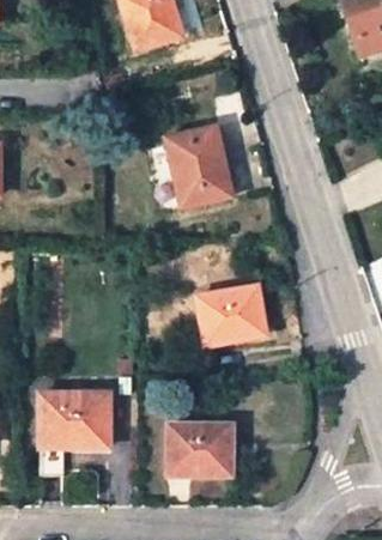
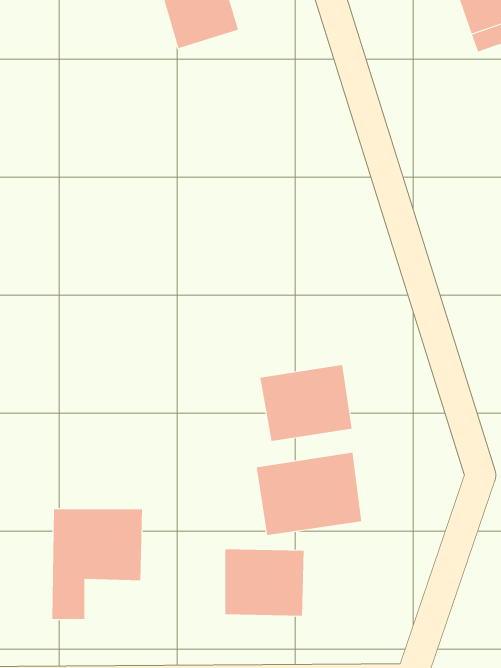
building: [164,126,231,207] -> none
building: none -> [256,452,362,536]

